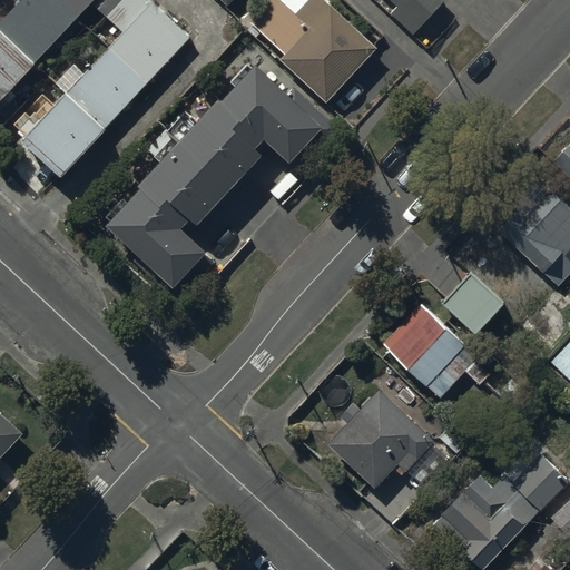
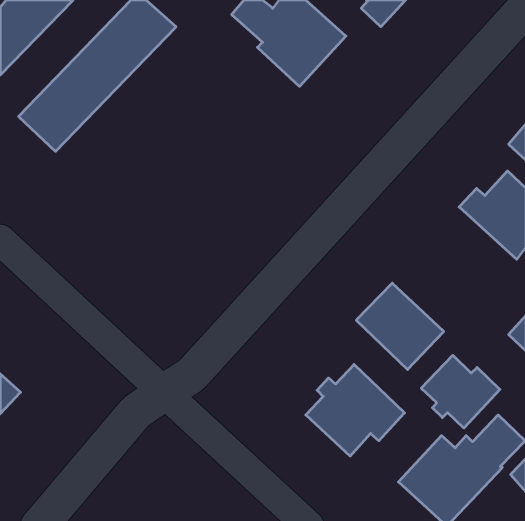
building: [105,58,338,301] -> none
building: [445,279,508,341] -> none
building: none -> [421,355,500,428]

